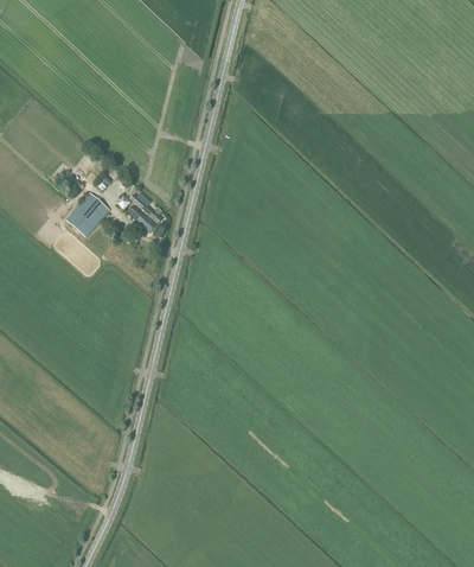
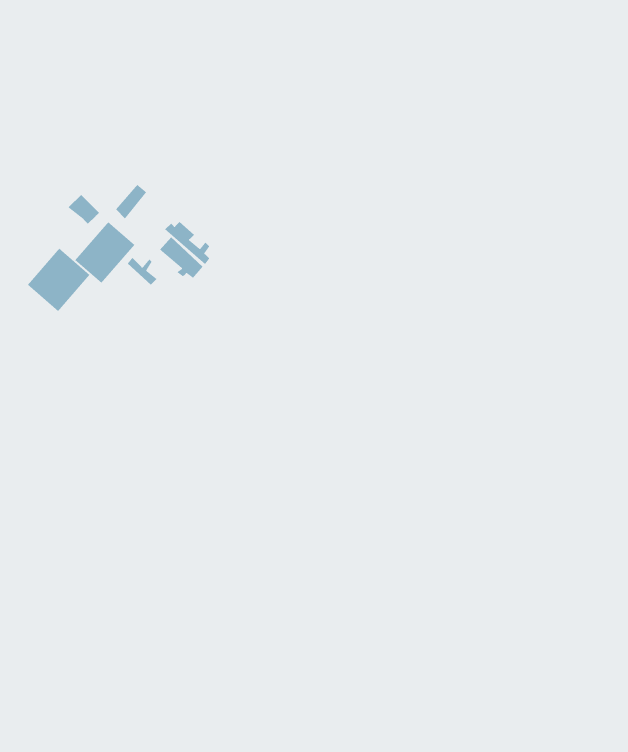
building: none -> [27,248,91,312]

